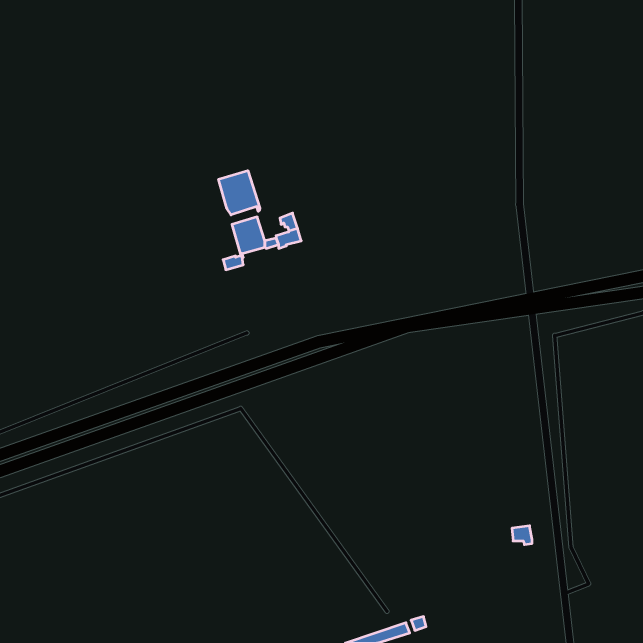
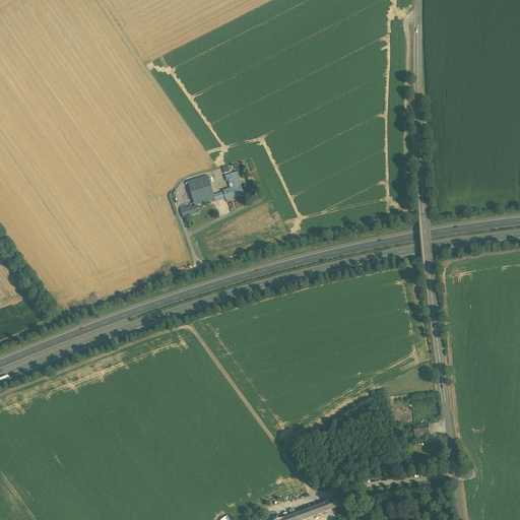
building: [219,171,260,215] -> none

